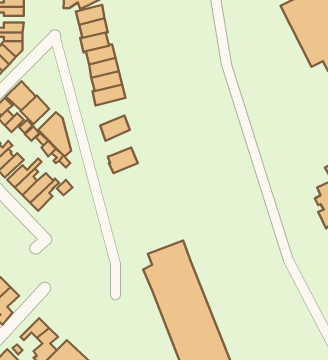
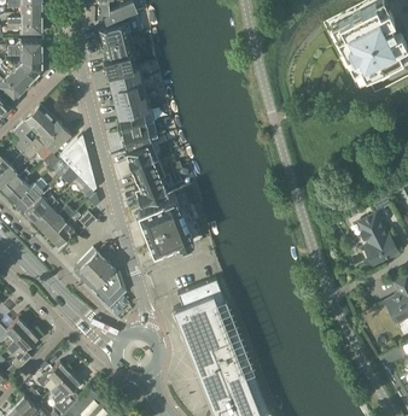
building: none -> [122,123,157,151]
building: none -> [133,158,165,186]
building: none -> [140,205,194,248]
building: none -> [76,247,126,310]

